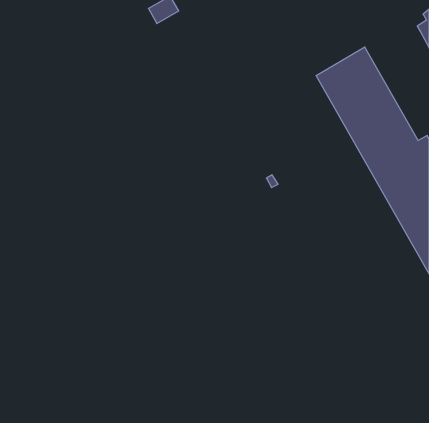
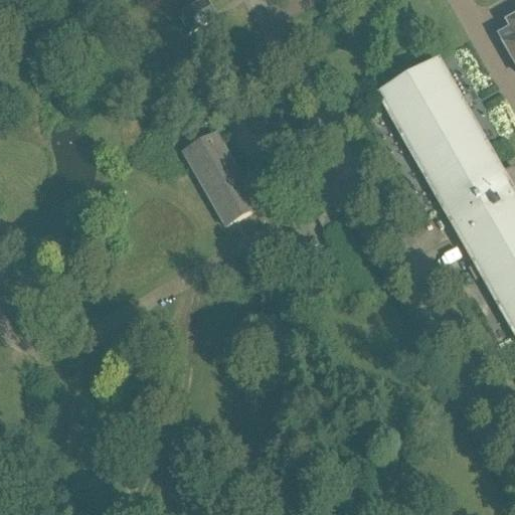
building: none -> [182,130,260,223]

